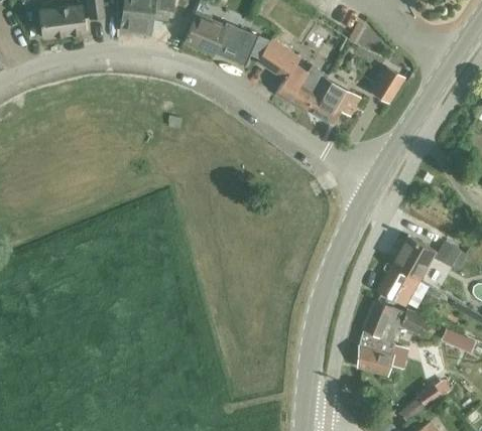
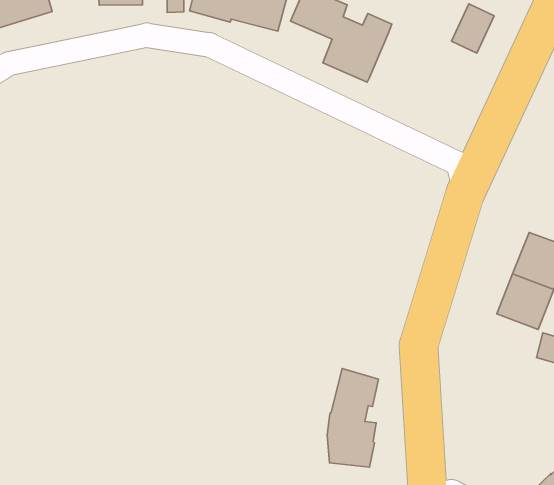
building: [309,79,360,123] -> none
building: [359,300,402,374] -> [327,369,379,467]

